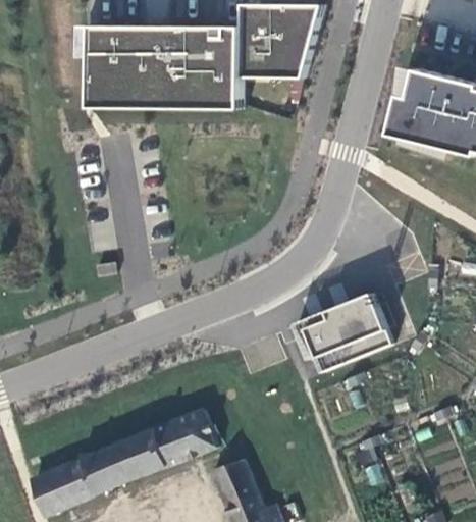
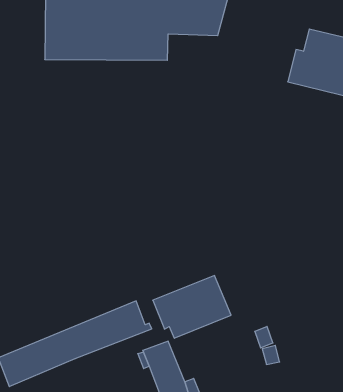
building: [294,294,390,371] -> [153,276,231,338]

